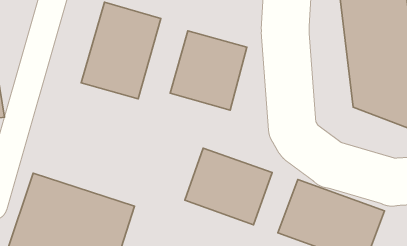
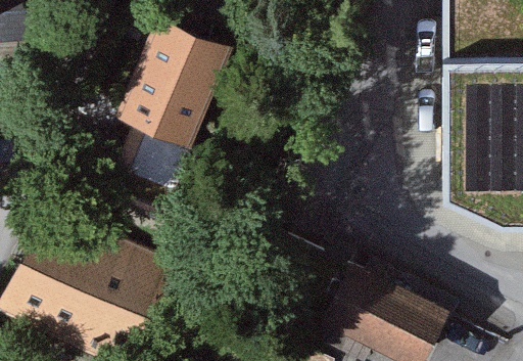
building: [170,31,247,110] -> none
building: [185,148,272,225] -> none

